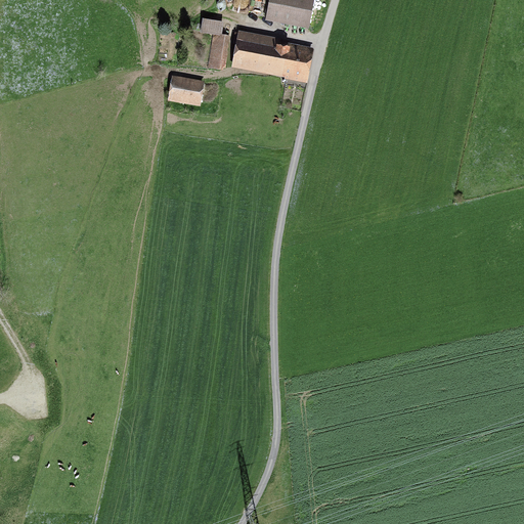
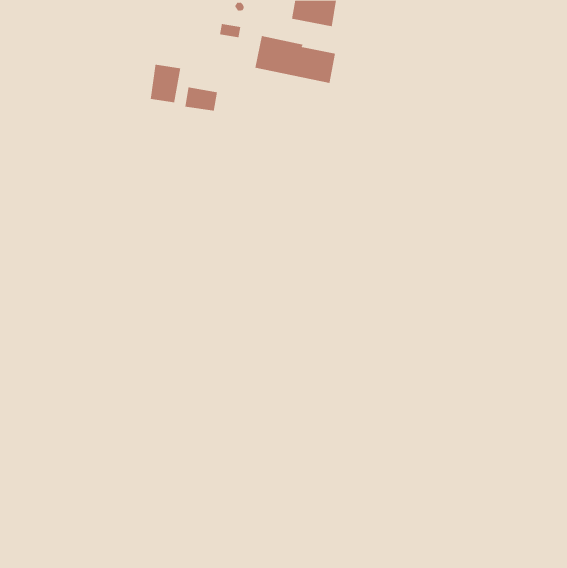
building: [209,35,225,70] -> none
building: none -> [150,64,181,103]

